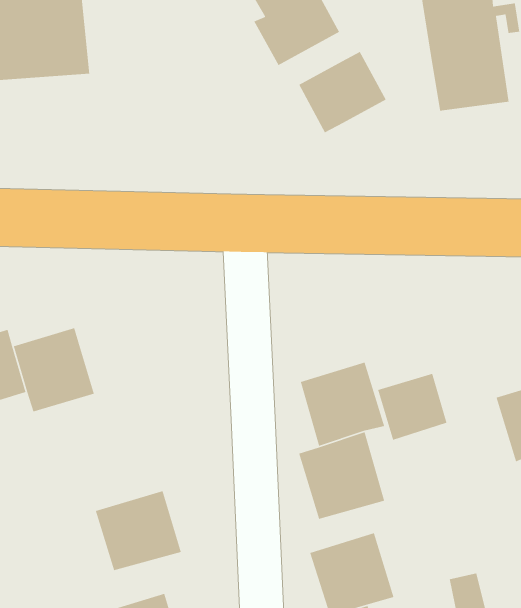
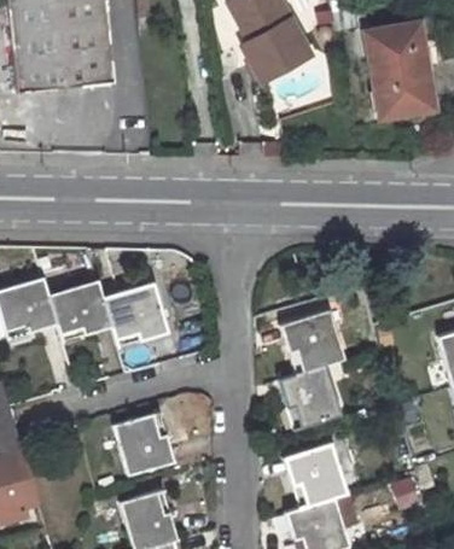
building: [298,51,387,133] -> none
building: none -> [107,282,174,347]
building: [377,373,447,441] -> none

